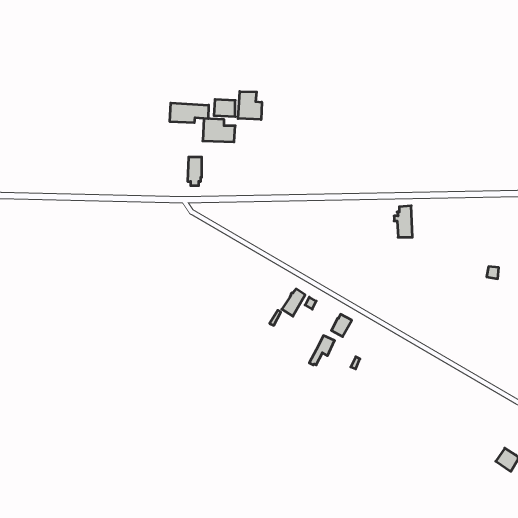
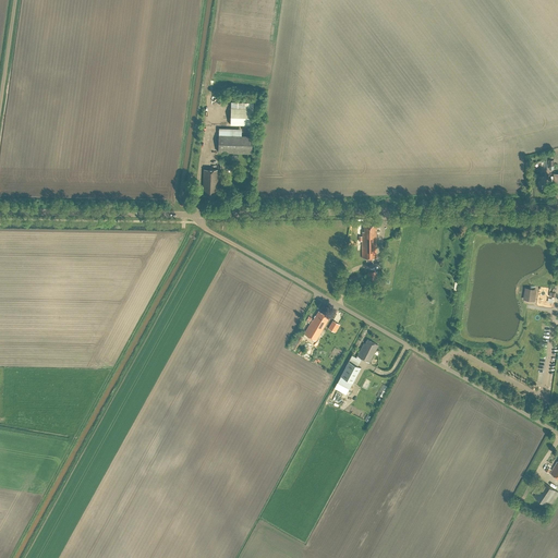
building: [238,91,262,120] -> none
building: [170,103,209,123] -> none
building: [394,206,412,237] -> [357,223,377,257]

